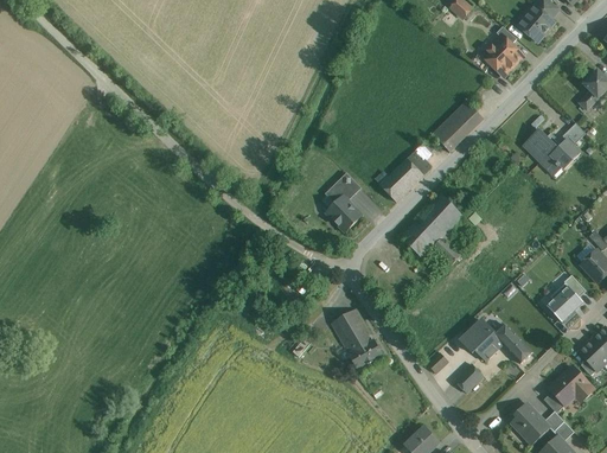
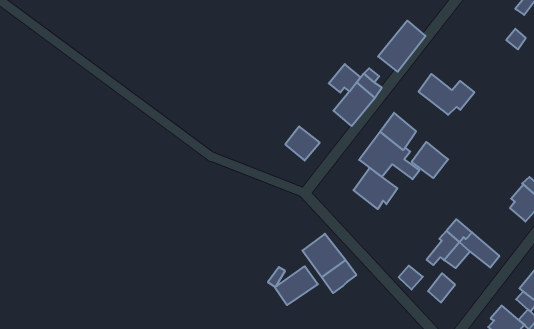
building: [523,128,580,172] -> [419,74,474,115]
building: [327,172,360,200] -> [329,64,360,93]
building: none -> [412,142,448,178]
building: none -> [353,167,397,209]
building: none -> [275,266,318,305]

